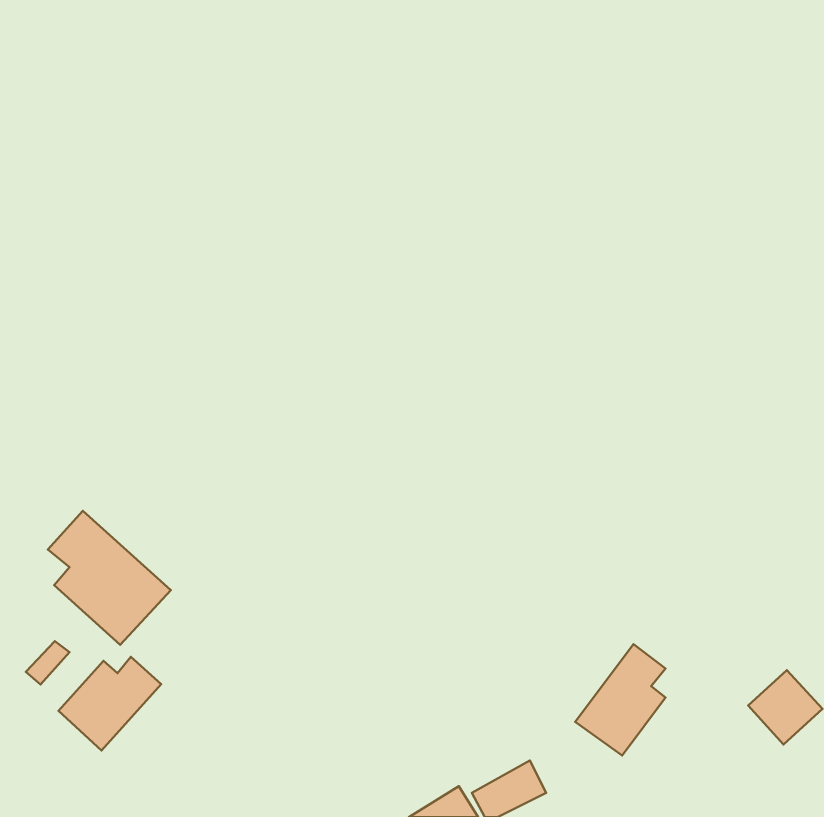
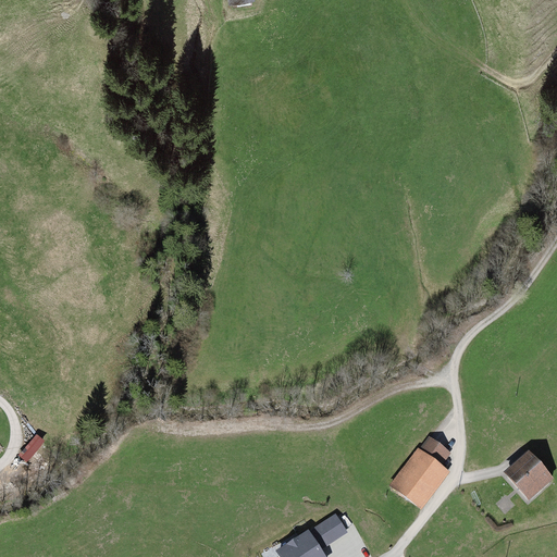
building: [48,511,171,645] -> none
building: [59,657,161,751] -> none

